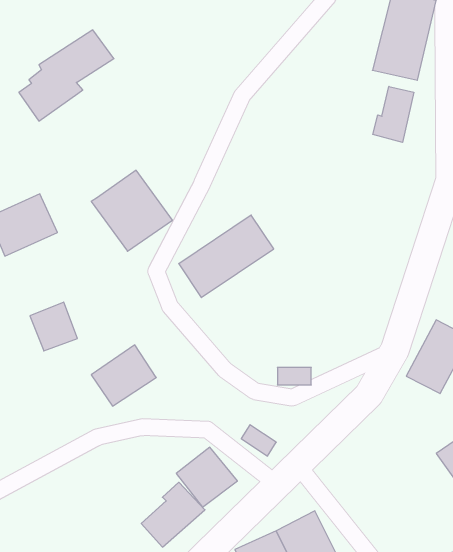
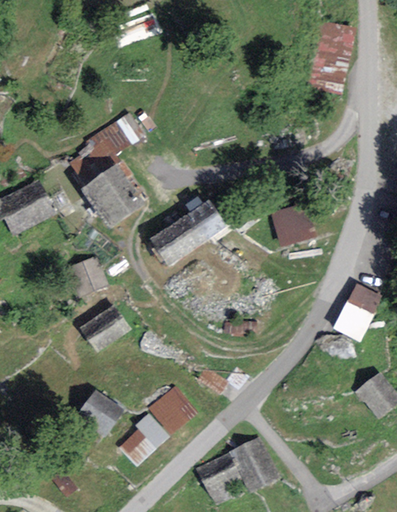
building: [19,30,114,121] -> [69,113,145,186]
building: [373,86,414,142] -> none
building: none -> [271,206,315,246]
building: [30,302,77,351] -> [69,256,107,295]
building: none -> [75,390,121,436]

